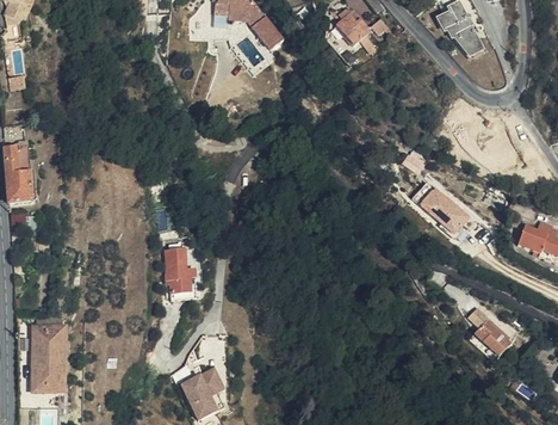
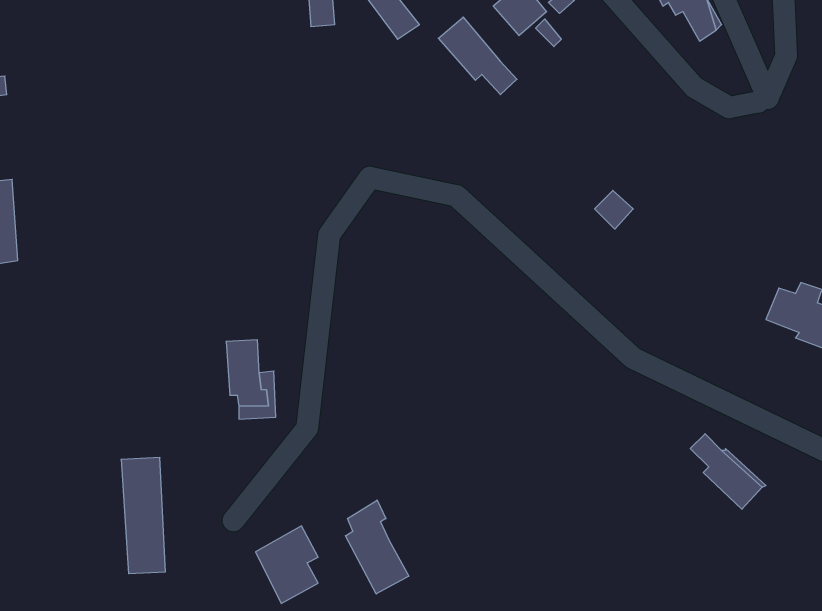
building: none -> [438,17,517,95]
building: [422,187,470,236] -> none
building: [32,313,61,388] -> [121,458,165,574]
building: none -> [345,500,409,594]

